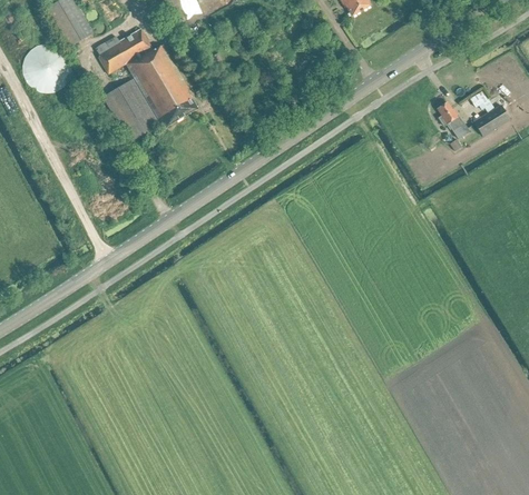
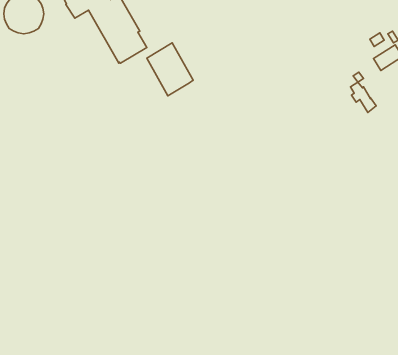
building: [102,77,159,141] -> [147,43,193,96]
building: [437,101,468,138] -> [351,82,376,112]

